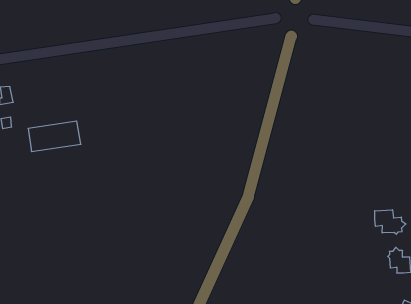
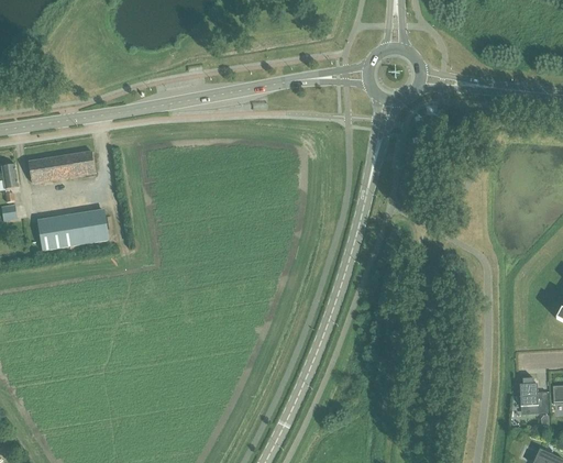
building: none -> [27,151,95,180]
building: [375,210,406,234] -> none

